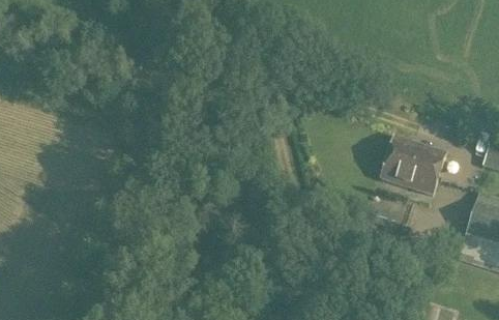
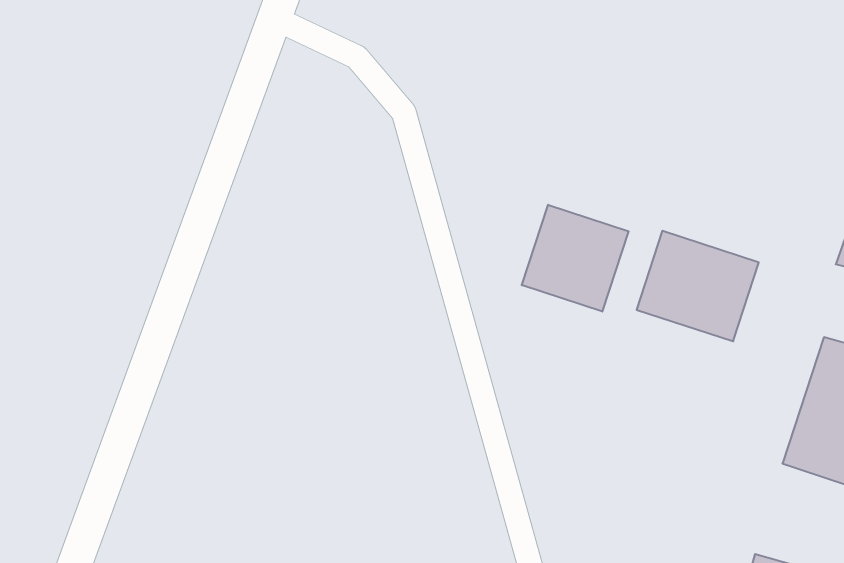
building: none -> [522,205,629,312]

